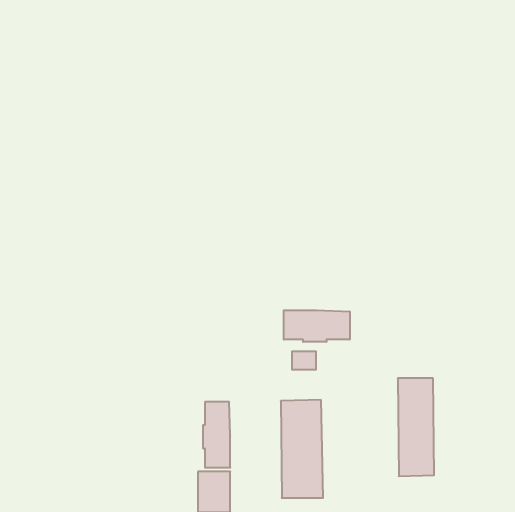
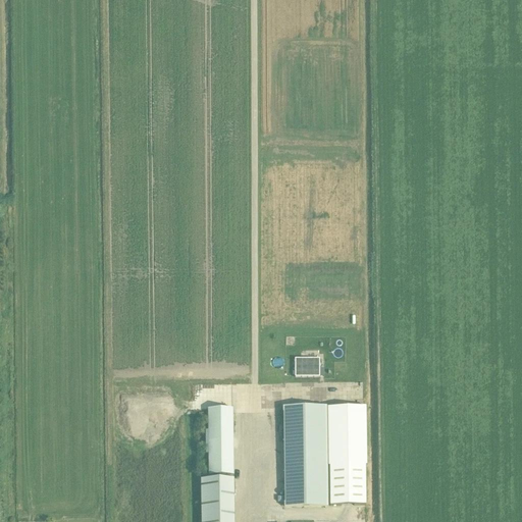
building: [284,310,350,342] -> none
building: [398,378,434,476] -> [329,404,366,503]

